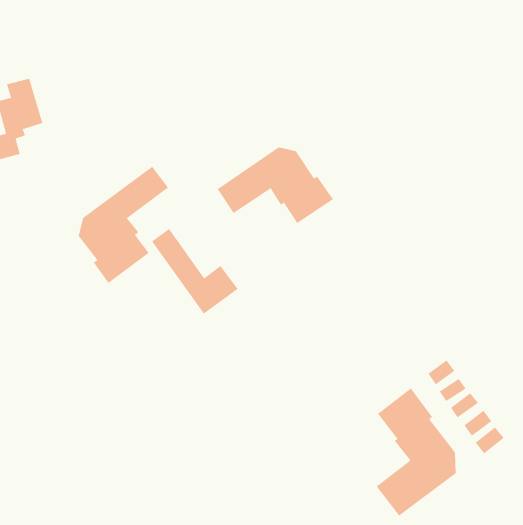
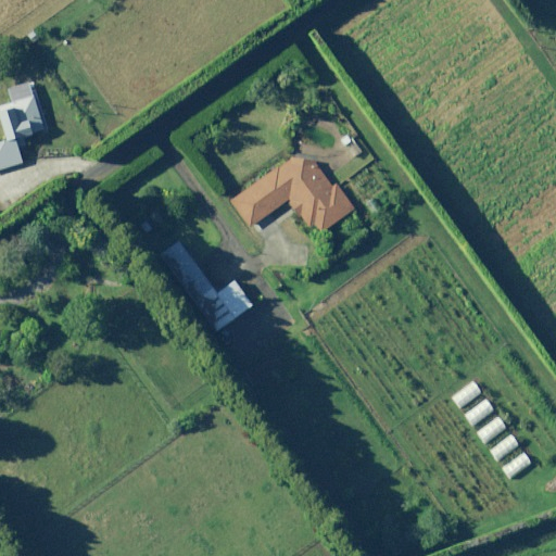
building: [78,166,169,284] -> none
building: [376,387,456,517] -> none

